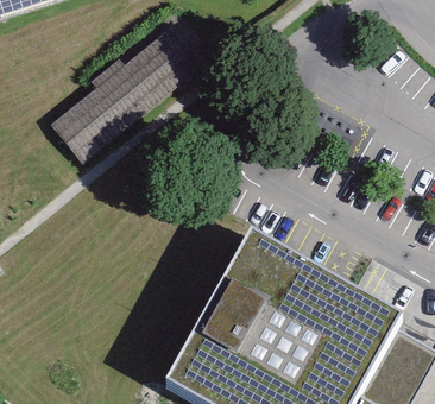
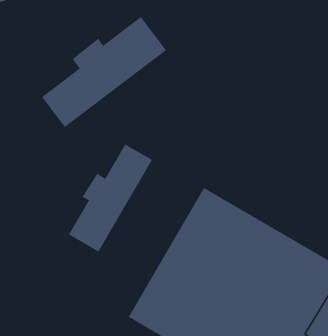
building: none -> [68,143,153,253]

